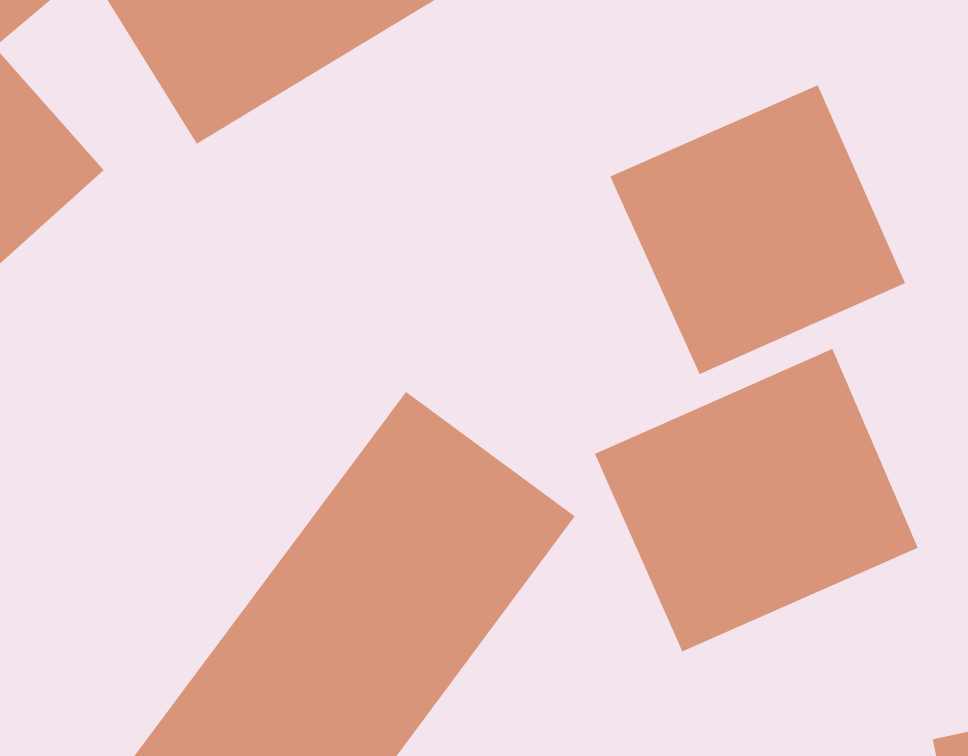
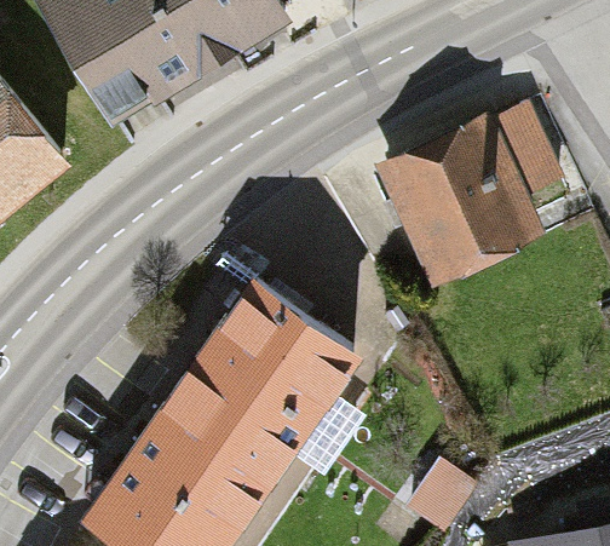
building: [594,348,919,652] -> none

